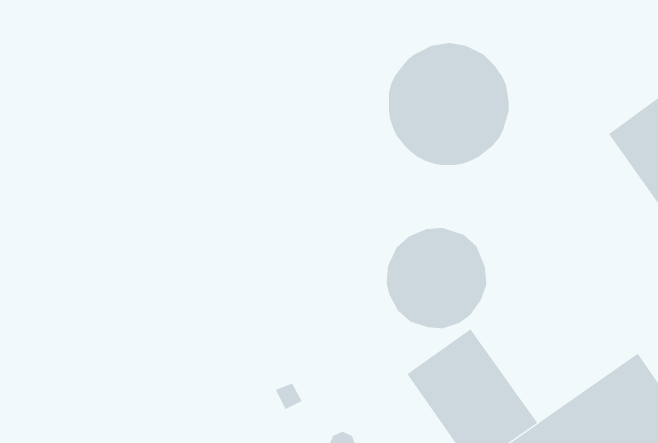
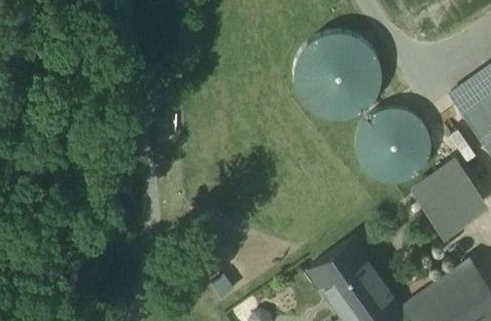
building: none -> [406,158,482,234]
building: [386,227,487,329] -> [355,108,428,181]

